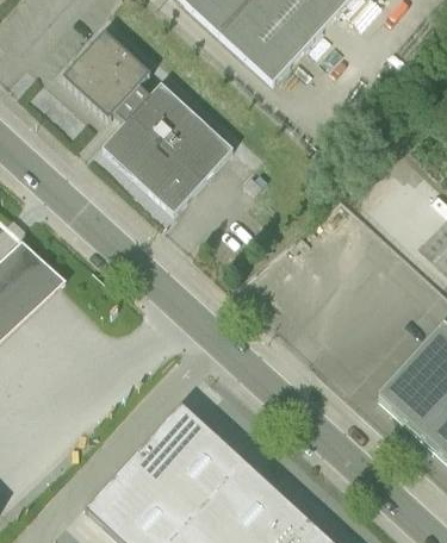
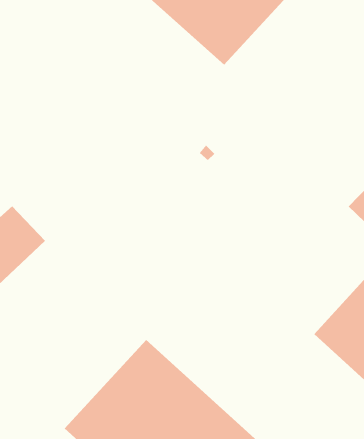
building: [62,30,234,213] -> none

